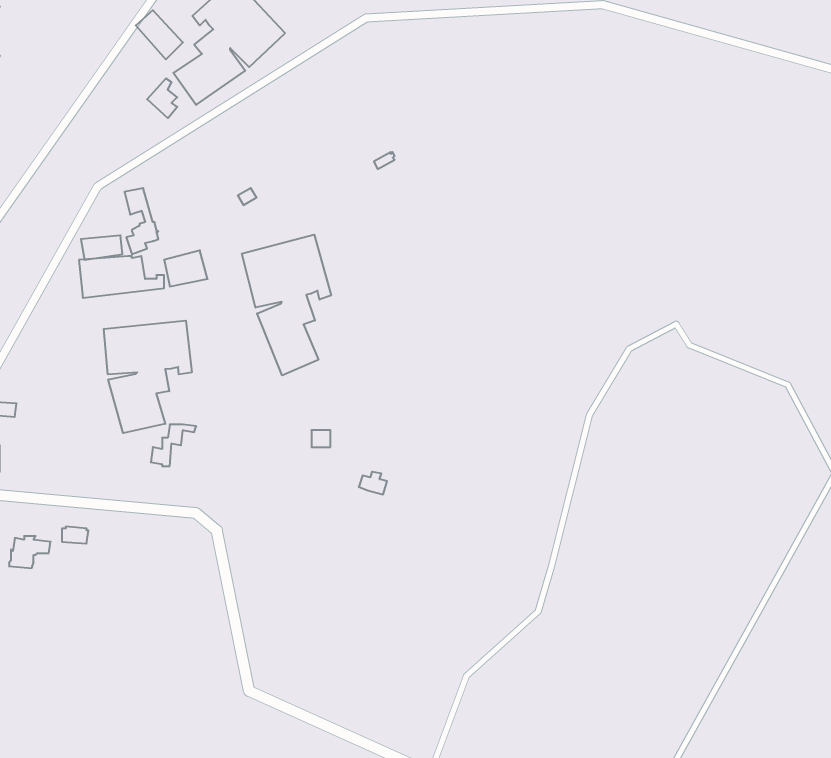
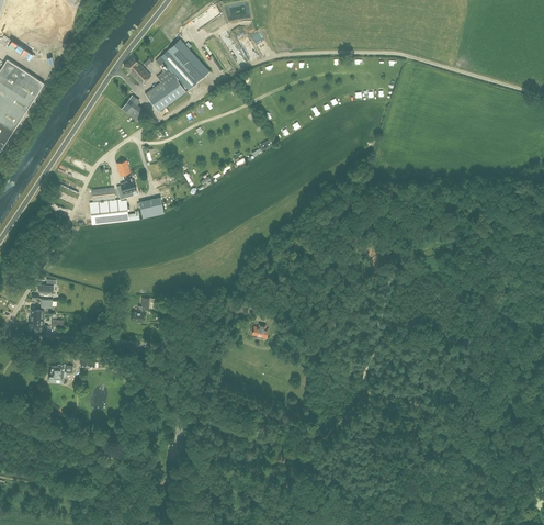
building: [242,235,331,375] -> none
building: [104,321,192,433] -> none

